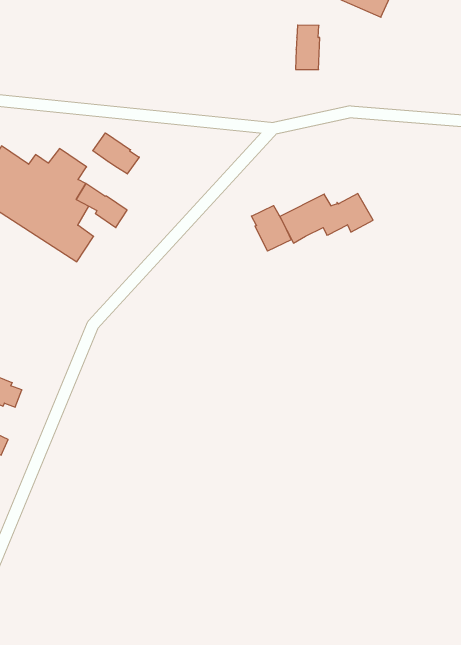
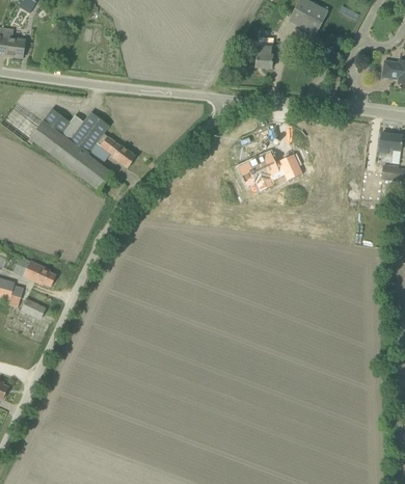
building: [93,133,139,174] -> none
building: [251,206,291,251] -> none

